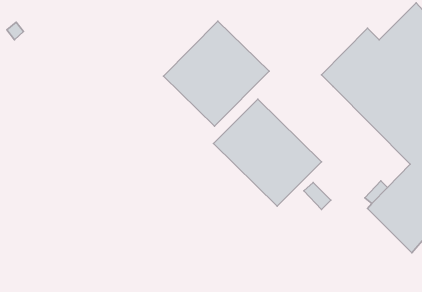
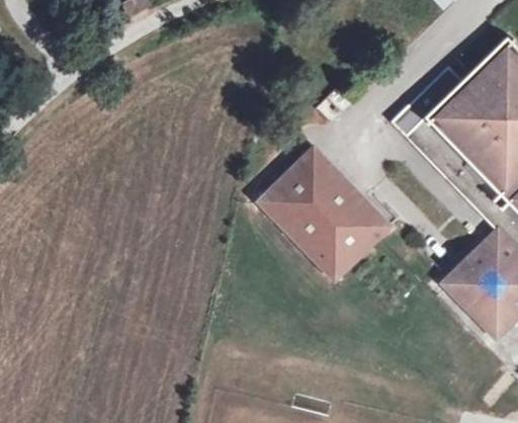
building: [163,21,269,126] -> none

